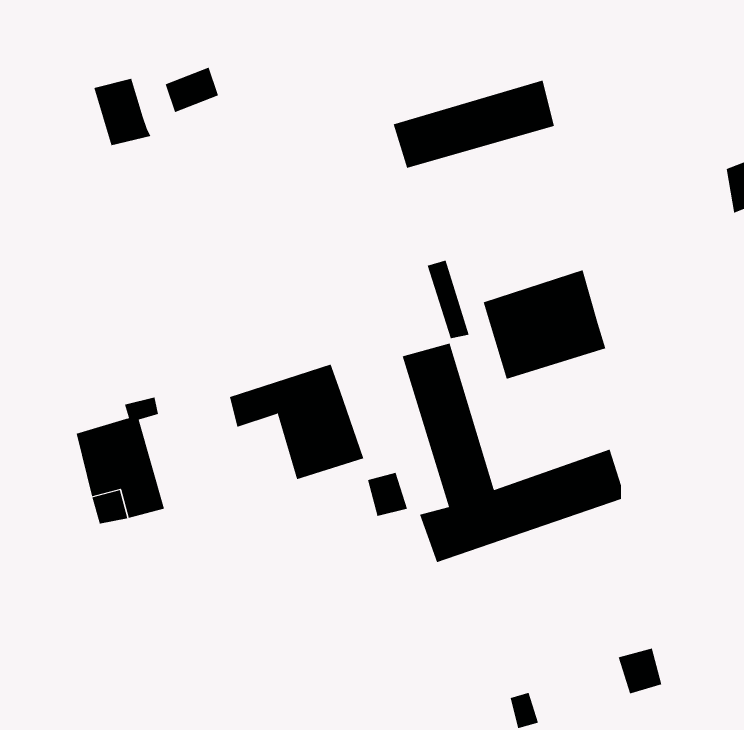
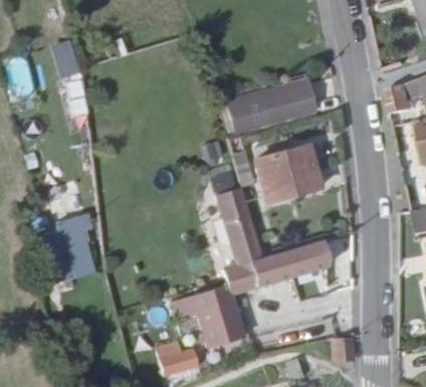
building: [393,80,555,169] -> [230,82,314,129]
building: [229,364,364,480] -> [175,282,245,343]
building: none -> [161,341,201,371]

